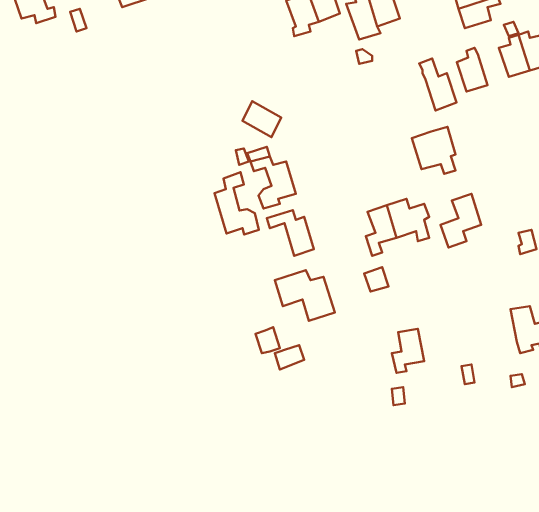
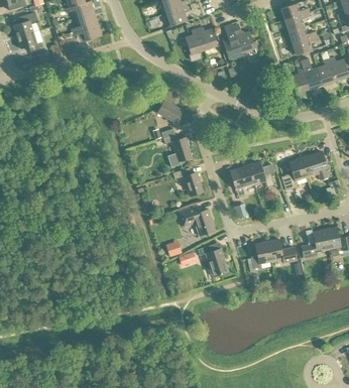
building: [419,58,456,110] -> [300,57,323,90]
building: [412,127,456,174] -> [300,150,327,179]
building: [214,172,259,234] -> none
building: none -> [301,229,328,258]
building: none -> [266,238,297,262]
building: none -> [198,245,228,276]

